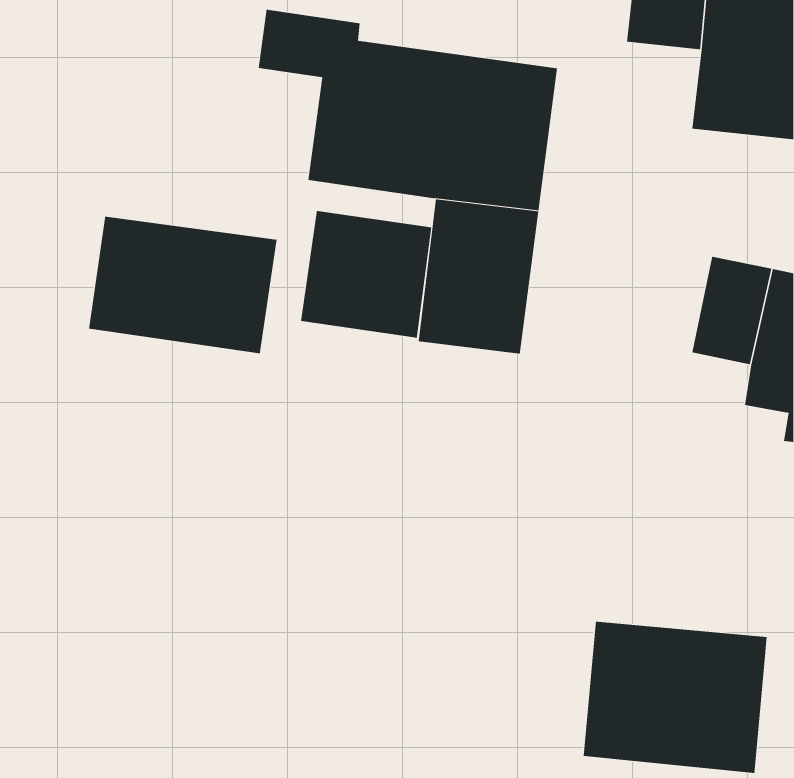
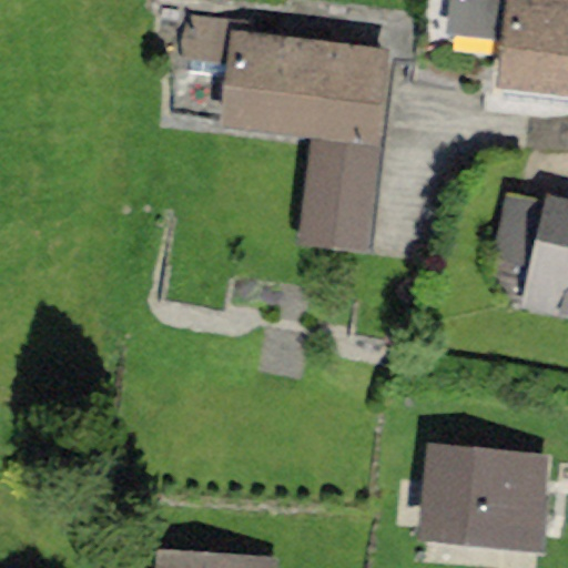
building: [300,210,432,338] -> none
building: [88,216,277,354] -> none

